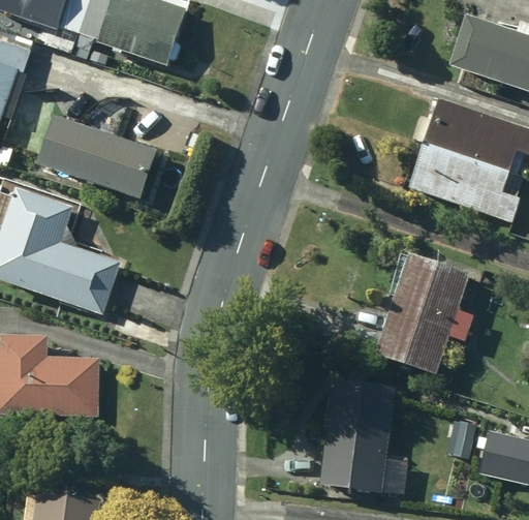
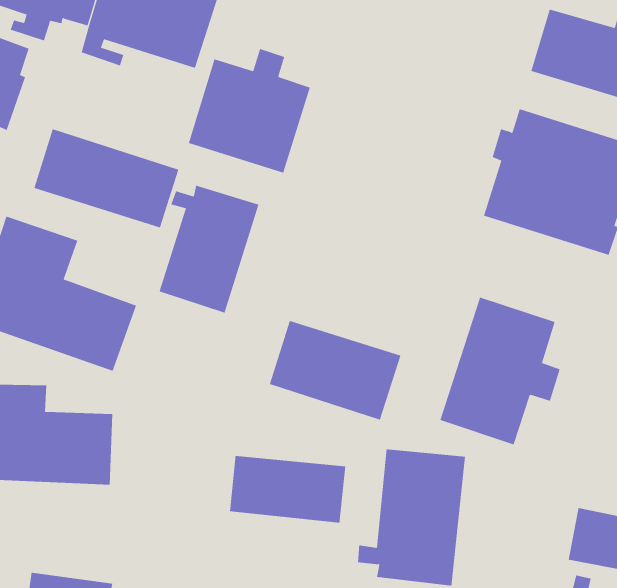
building: none -> [188,48,310,173]
building: none -> [159,185,259,313]
building: none -> [269,320,401,420]
building: none -> [230,455,346,523]

